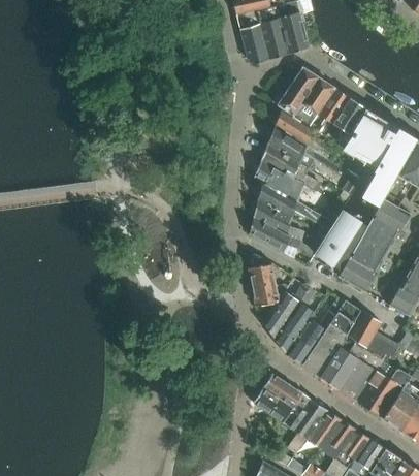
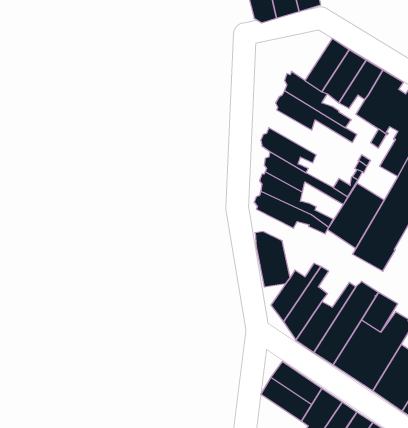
building: [272,68,319,117] -> none
building: [261,144,319,191] -> none

